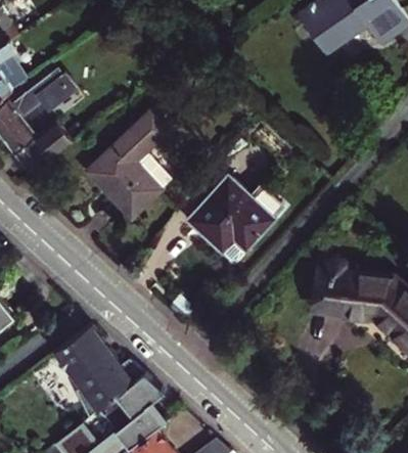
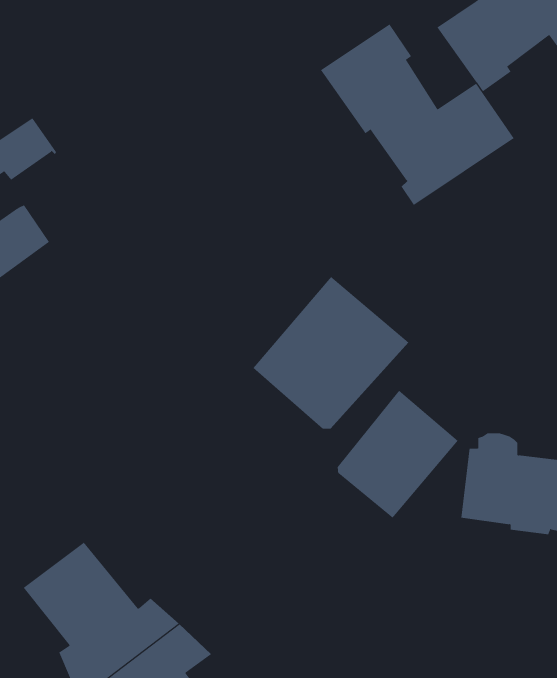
building: none -> [320,23,514,206]
building: [91,111,174,218] -> none
building: none -> [337,390,459,518]

